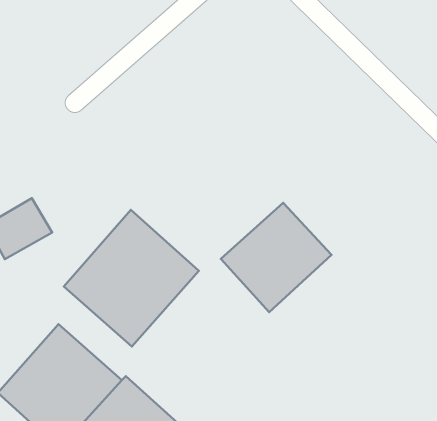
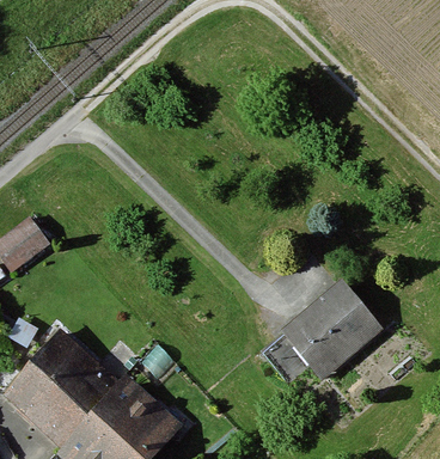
building: [221,203,331,312] -> [280,280,384,382]
building: [64,210,199,346] -> none

